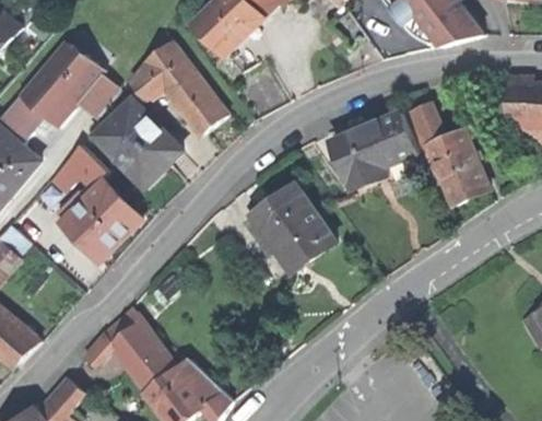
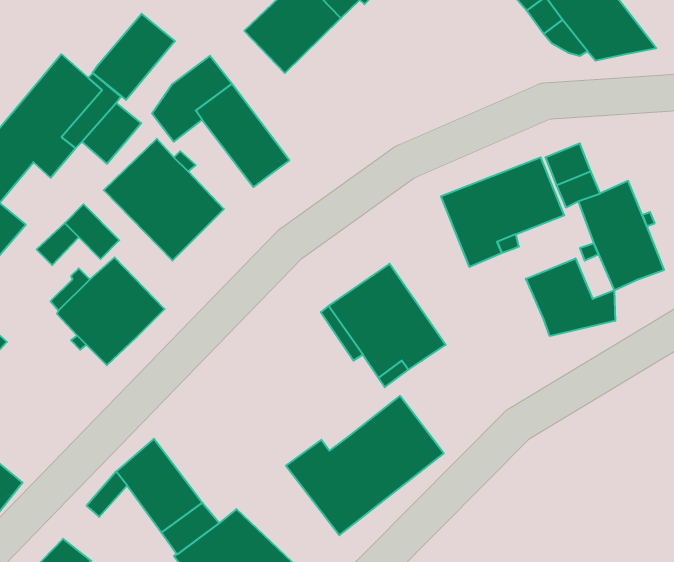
building: none -> [93,14,175,100]
building: none -> [526,258,615,336]
building: none -> [286,396,444,535]

